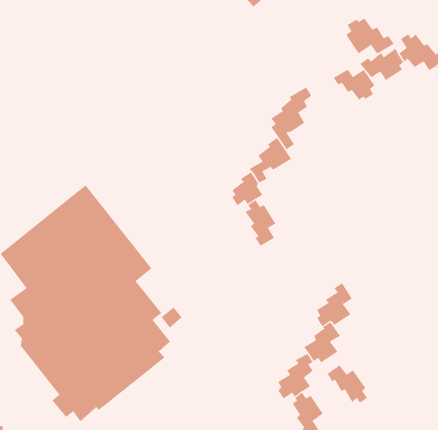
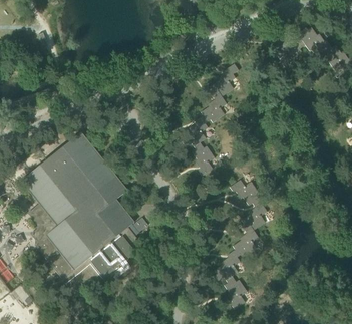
building: [345,18,395,55] -> none
building: [333,69,375,100] -> none
building: none -> [230,179,260,205]
building: [327,364,368,403] -> none

